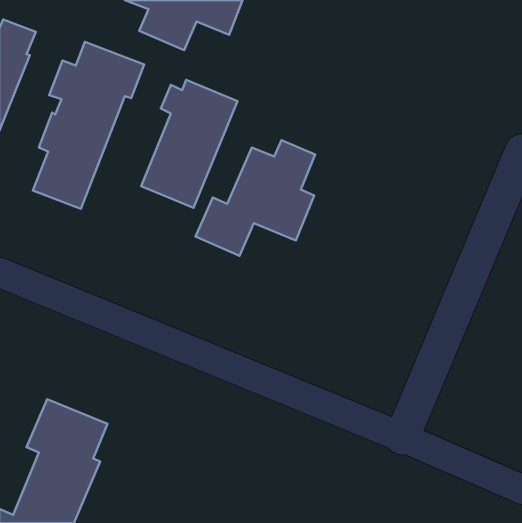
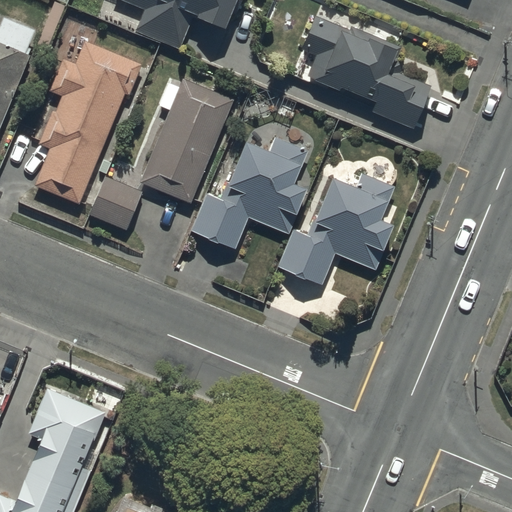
building: none -> [301,15,431,131]
building: none -> [279,174,394,286]
building: none -> [88,177,141,231]

